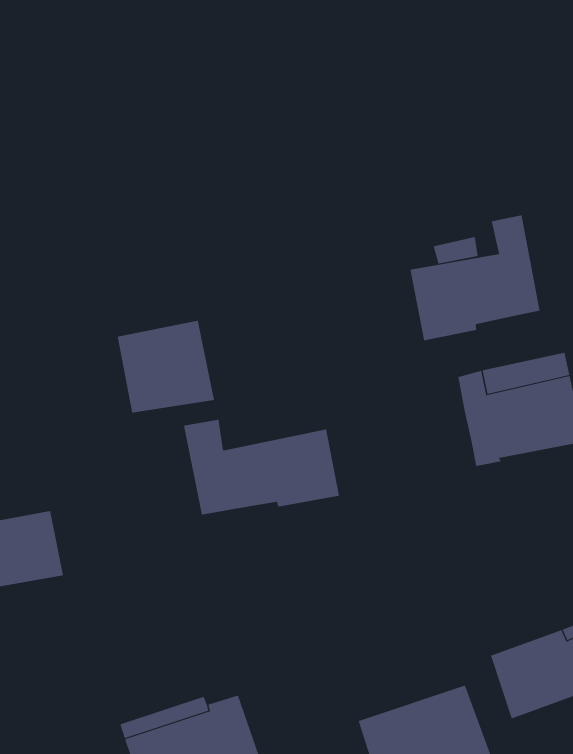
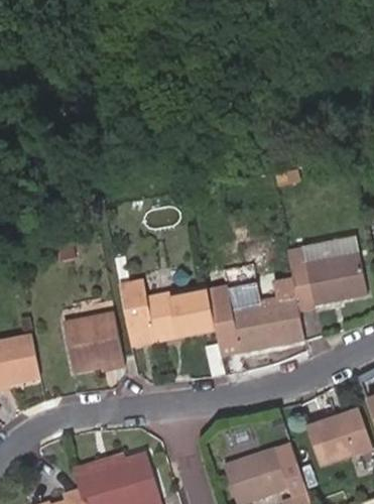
building: [410,214,540,341] -> none
building: [117,320,215,413] -> [64,313,124,371]
building: none -> [207,277,304,356]

